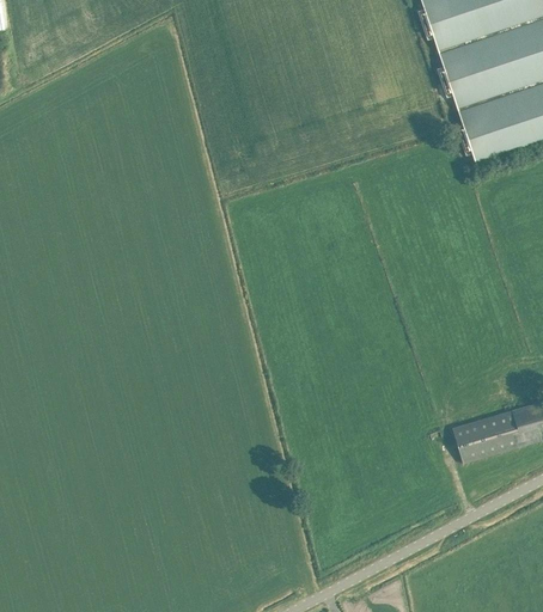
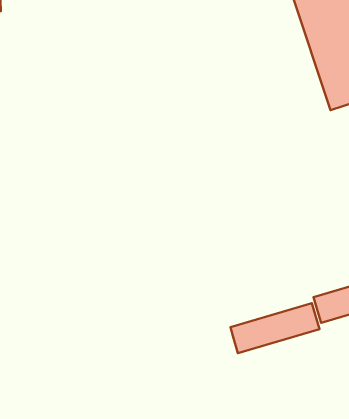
building: none -> [230,303,320,353]

